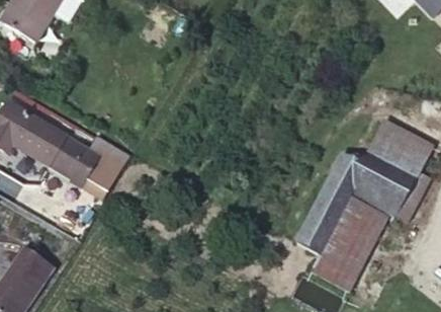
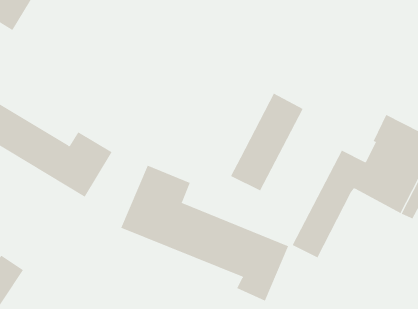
building: none -> [120,165,289,302]
building: [312,193,380,286] -> [230,93,304,191]

